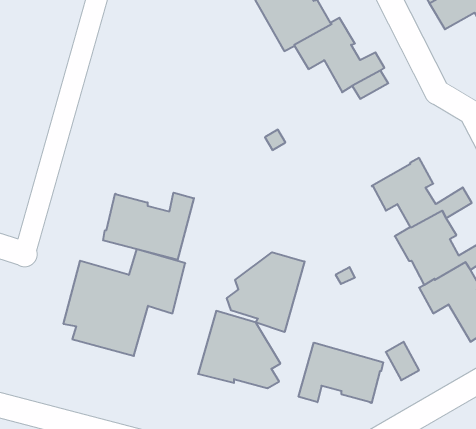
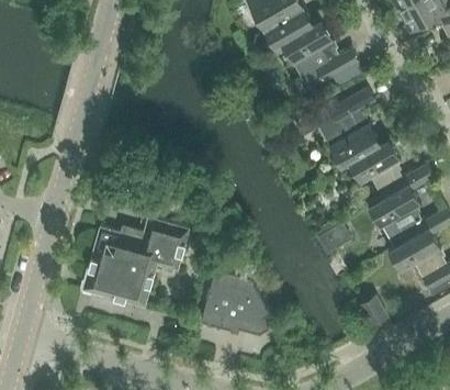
building: none -> [296,88,381,167]
building: [103,193,194,260] -> none
building: [227,252,305,332] -> none
building: [299,343,383,403] -> none

